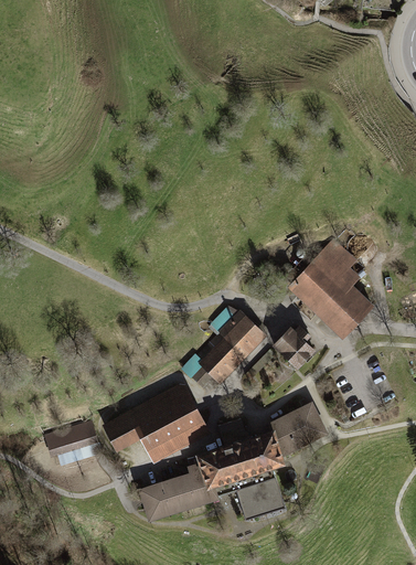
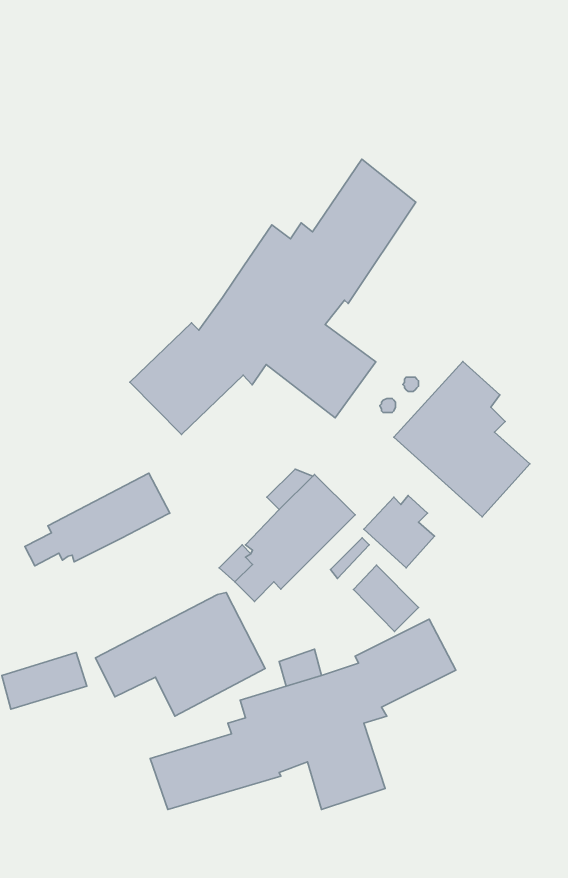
building: none -> [130,159,416,435]
building: none -> [25,473,170,566]
building: none -> [353,565,419,631]

